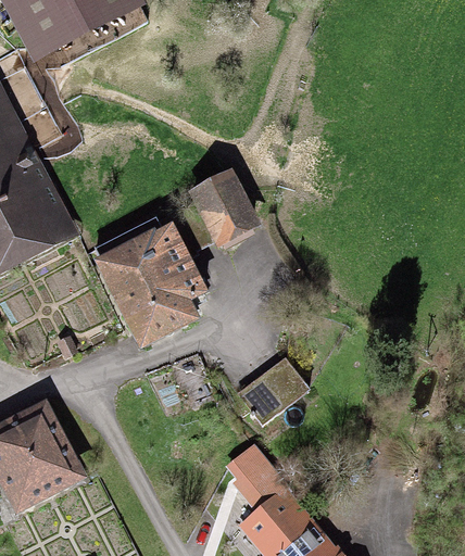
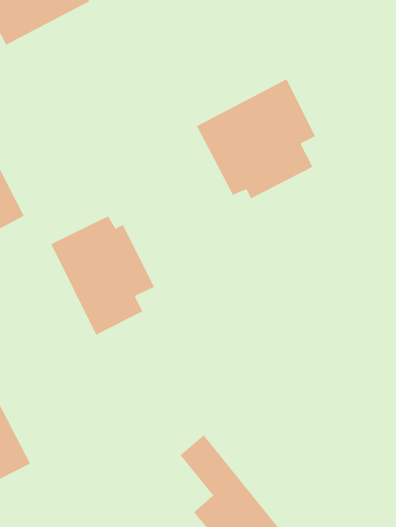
building: none -> [196,78,316,200]
building: [193,177,253,242] -> none
building: [237,363,310,427] -> none

